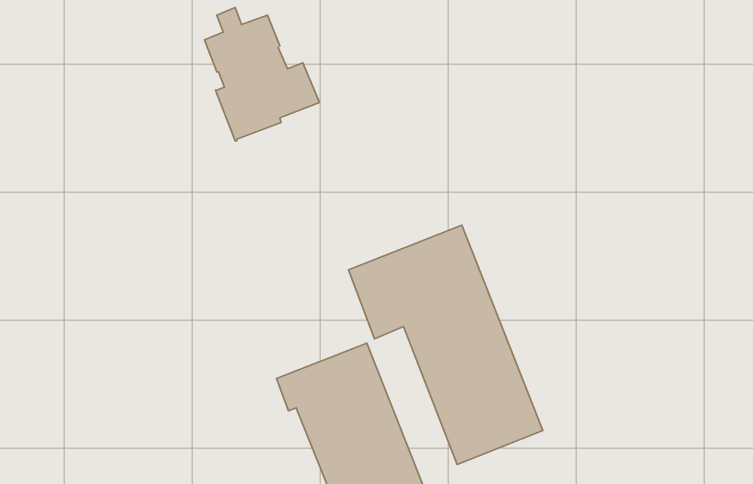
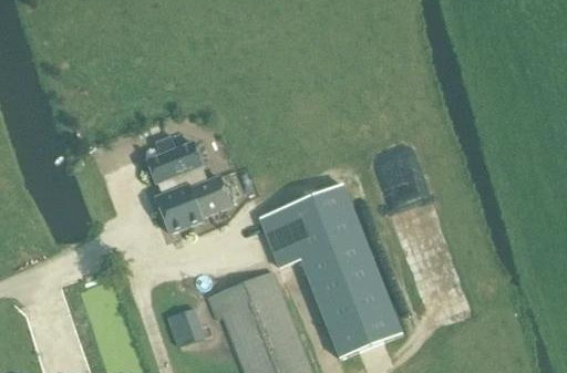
building: [205,8,320,141] -> [146,136,229,232]
building: none -> [166,308,204,344]

